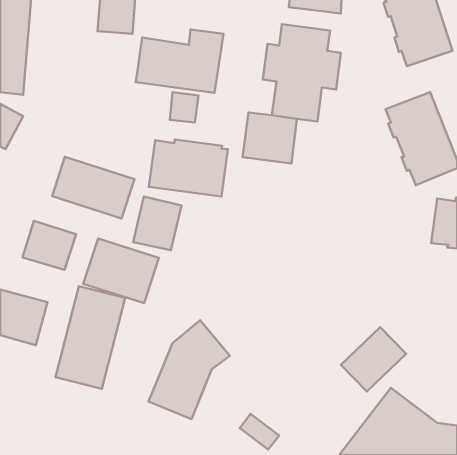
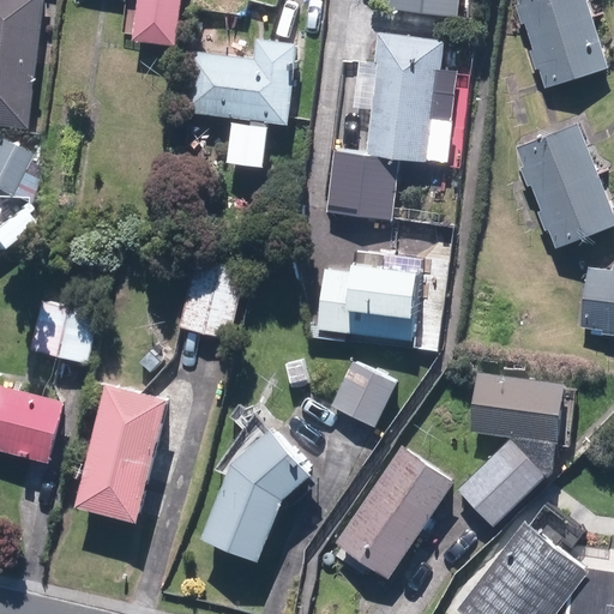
building: [149,139,228,197] -> [317,265,422,342]
building: [52,157,134,218] -> none
building: [83,238,159,303] -> none
building: none -> [331,360,396,426]
building: none -> [469,373,565,443]
building: none -> [336,445,453,577]

